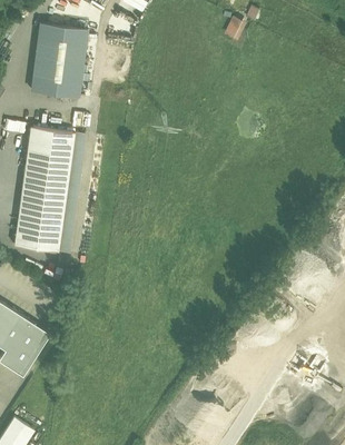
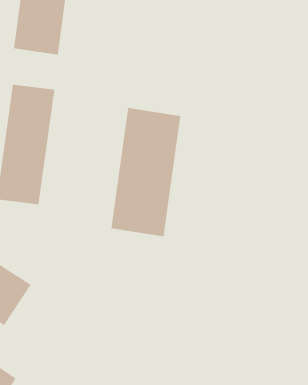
building: none -> [111,107,181,237]

